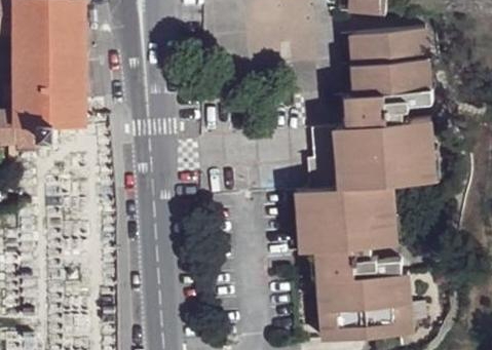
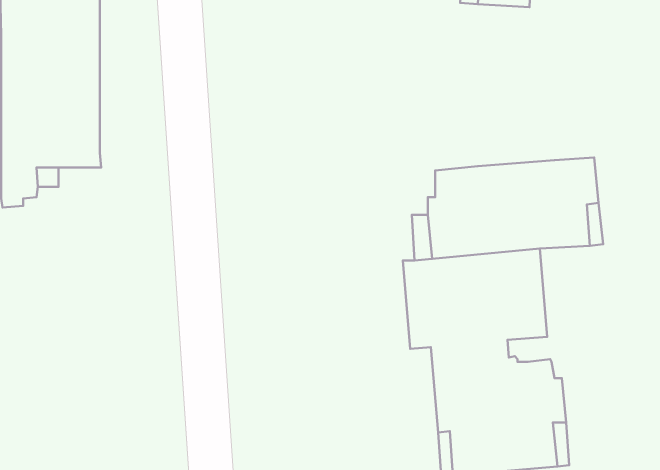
building: [345,29,431,125] -> none

